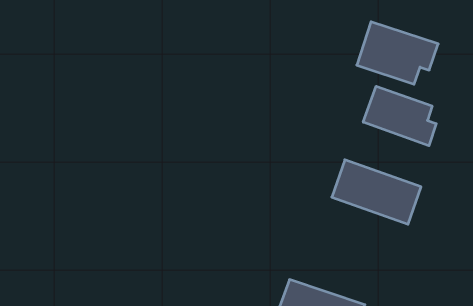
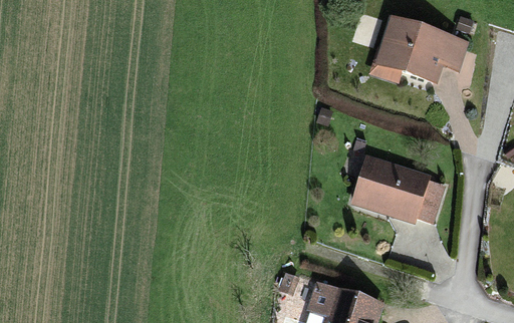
building: [363,86,436,146] -> none

